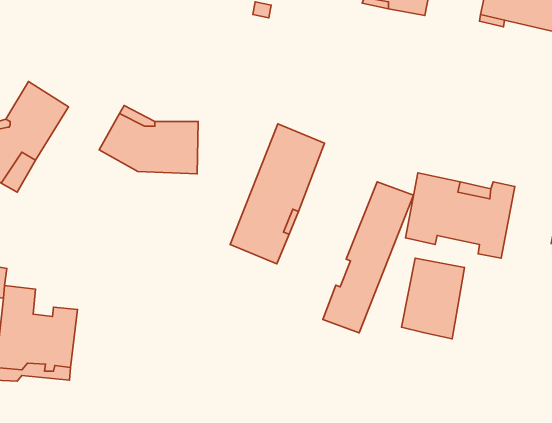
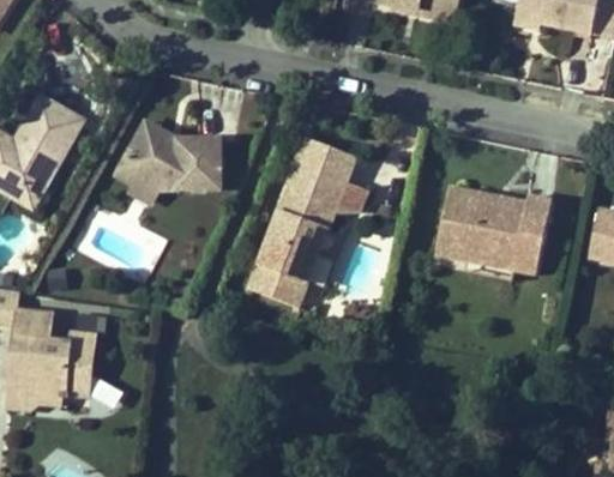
building: [323,182,414,333] -> none
building: none -> [246,264,303,308]
building: [401,258,464,339] -> none

